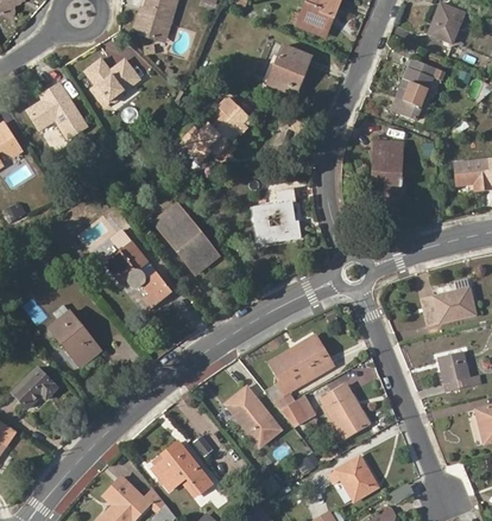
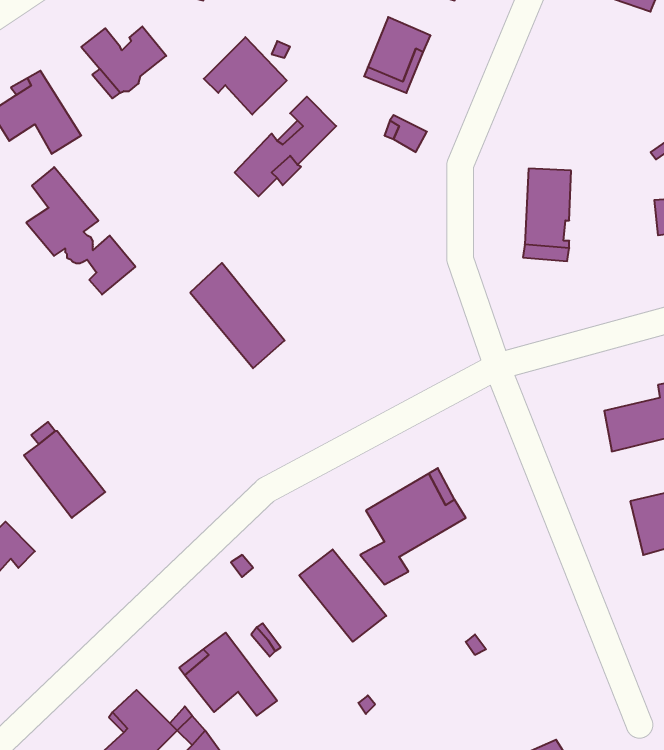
building: none -> [204,37,287,115]
building: [390,61,446,122] -> none
building: [254,191,299,242] -> none
building: [102,228,172,310] -> [26,167,135,295]
building: [320,386,368,439] -> none
building: [280,398,314,427] -> none
building: [329,458,377,501] -> none

